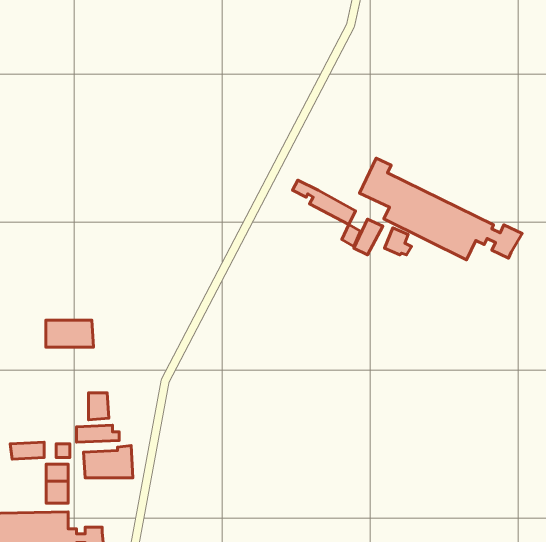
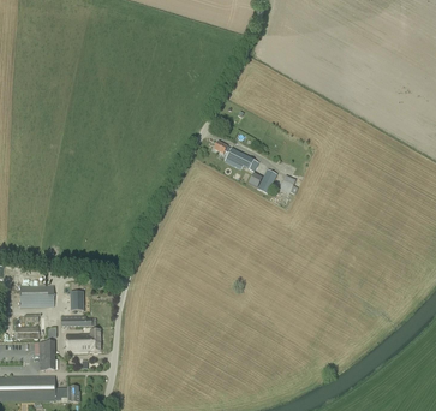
building: [359,158,522,260] -> none
building: [46,320,94,347] -> [19,287,53,306]

